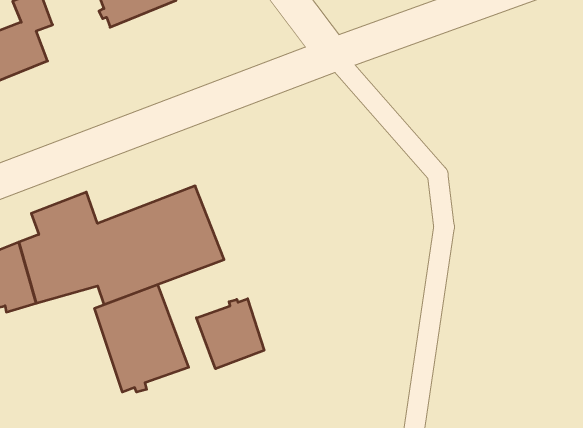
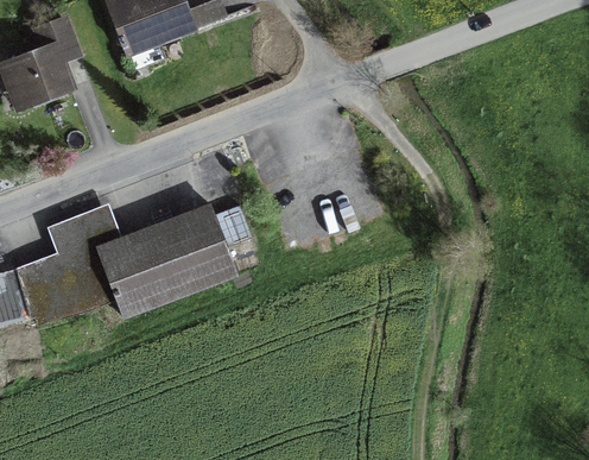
building: [95,285,189,392] -> none
building: [196,299,264,369] -> none

